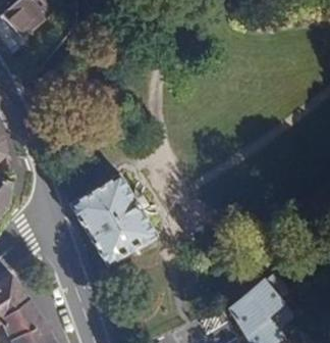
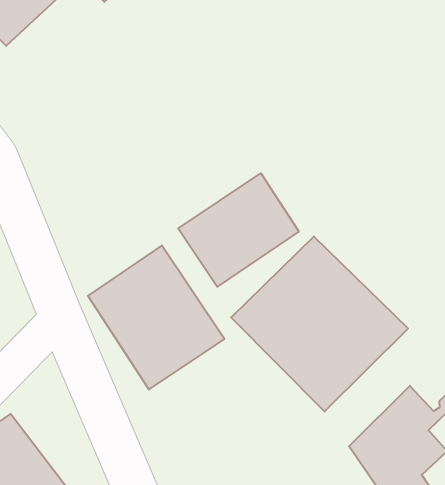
building: none -> [178,173,299,287]
building: none -> [231,236,408,412]

